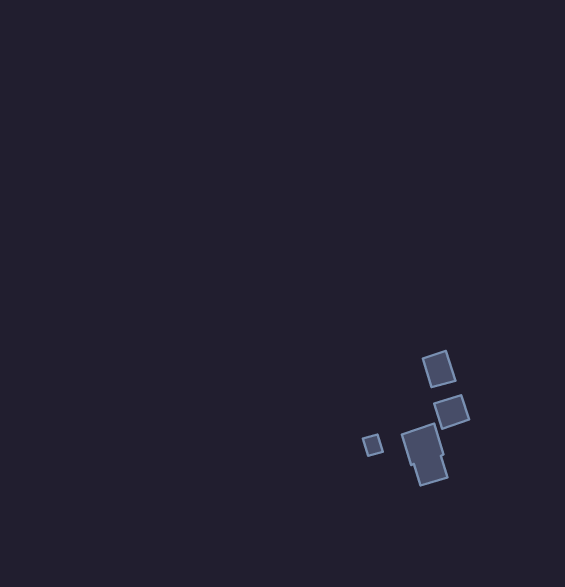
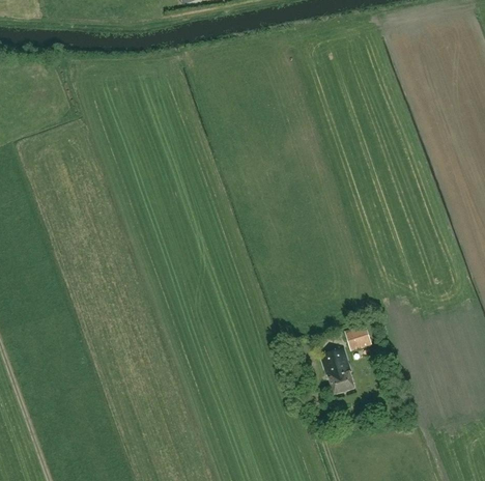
building: [423,351,455,387] -> none

